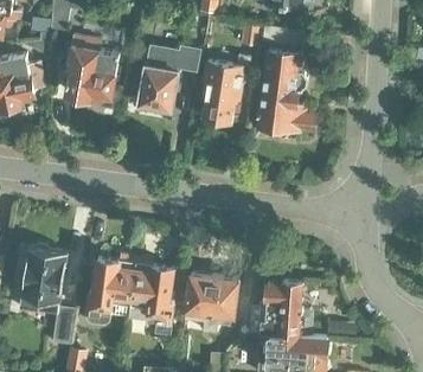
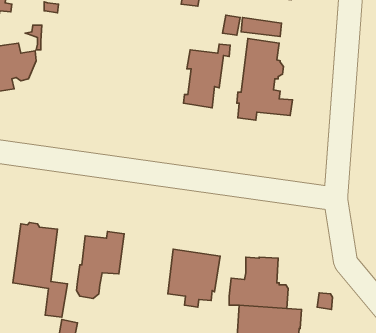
building: [64,38,118,107] -> none
building: [137,46,199,114] -> none
building: [129,257,174,322] -> none

